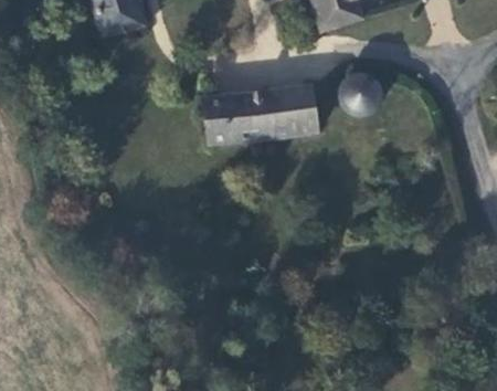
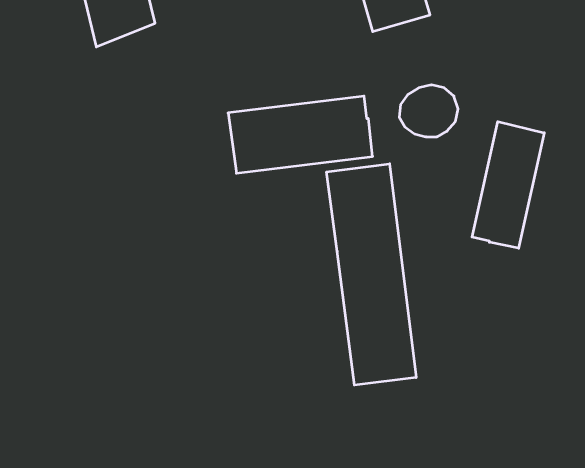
building: none -> [472,122,544,248]
building: none -> [327,164,416,385]

